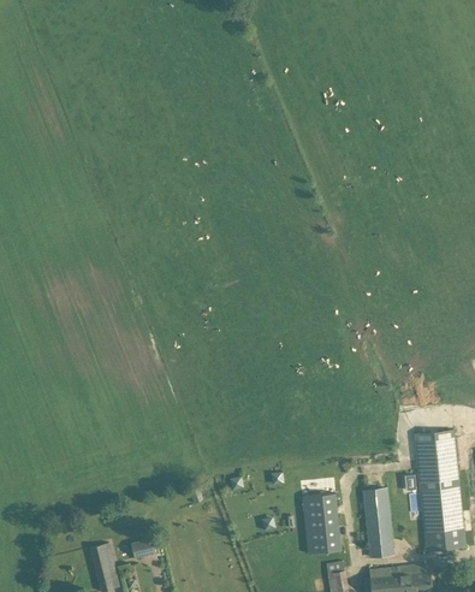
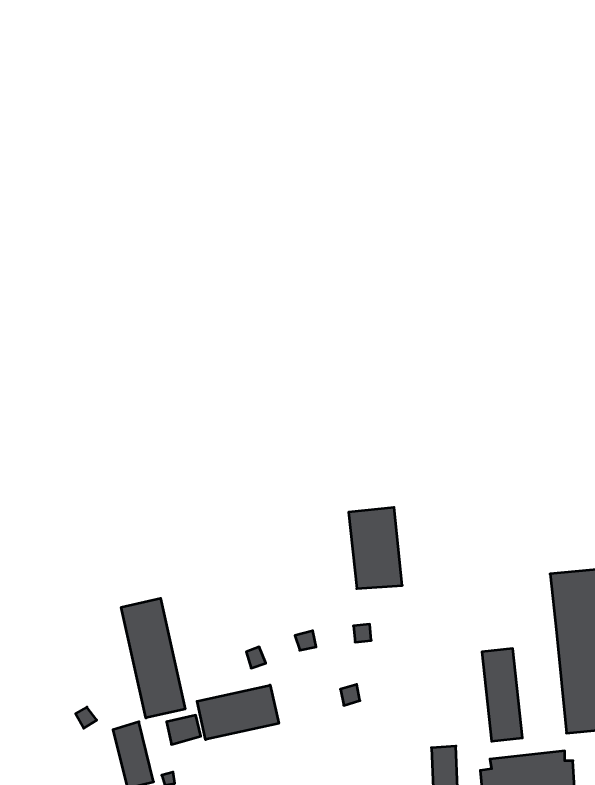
building: none -> [121,598,185,718]
building: [301,495,340,555] -> [349,507,402,589]
building: none -> [197,685,279,740]

